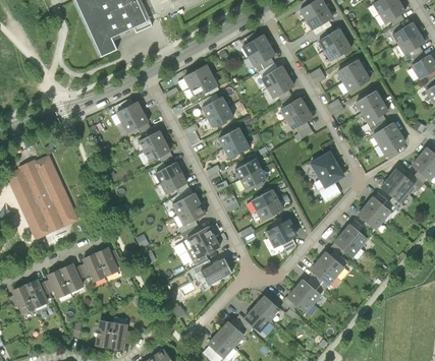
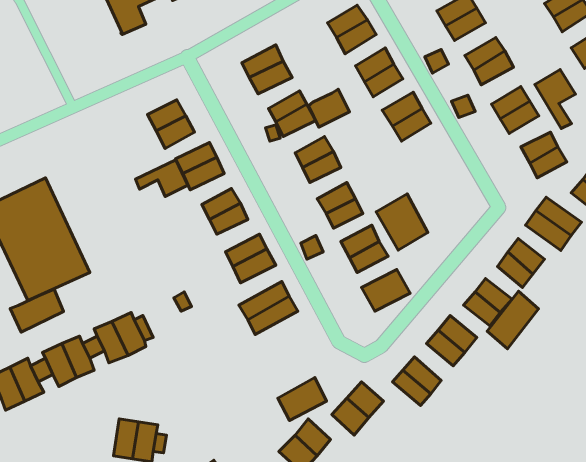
building: none -> [535,70,576,128]
building: none -> [309,89,350,127]
building: none -> [136,160,188,197]
building: [310,149,345,188] -> [376,194,428,250]
building: none -> [10,289,64,332]
building: none -> [487,291,539,349]
building: [200,256,233,286] -> [278,378,327,420]

